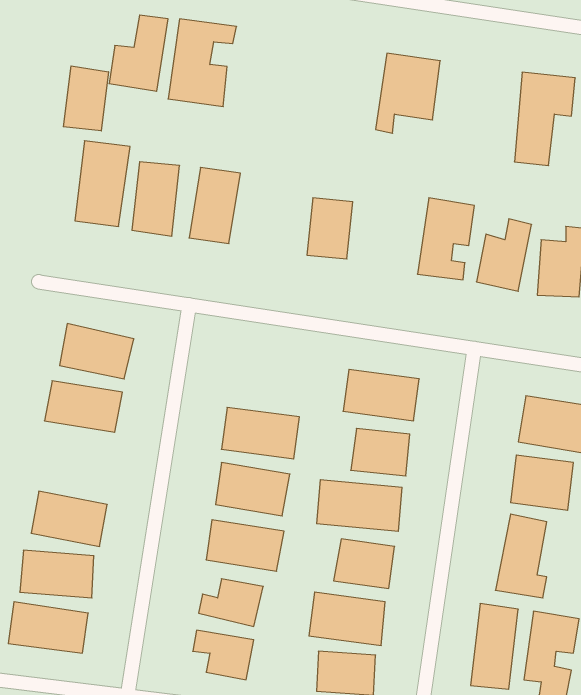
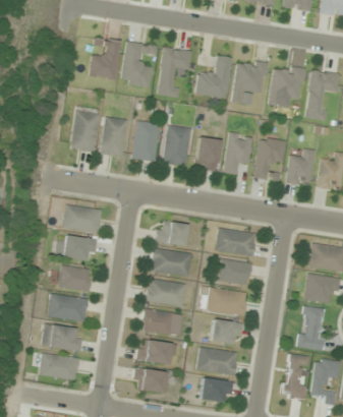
building: none -> [159,47,191,97]
building: none -> [195,55,232,99]
building: none -> [270,65,305,105]
building: [63,66,108,131] -> none
building: none -> [164,125,191,166]
building: none -> [225,132,251,174]
building: none -> [155,220,187,246]
building: none -> [58,265,92,291]

